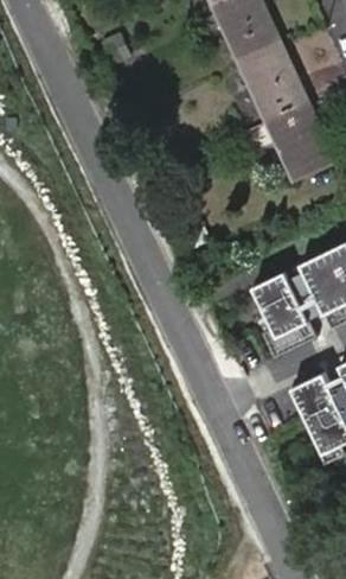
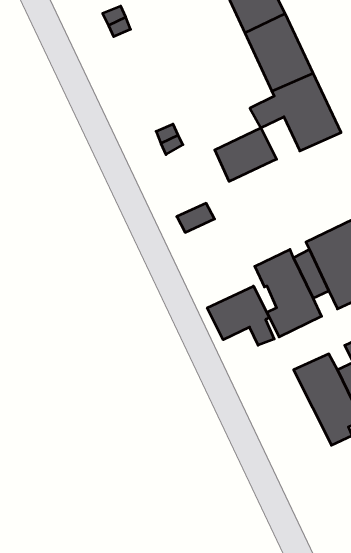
building: none -> [215,128,277,181]
building: none -> [207,286,274,345]

